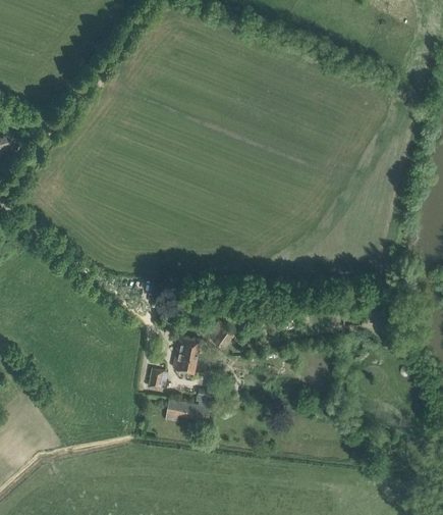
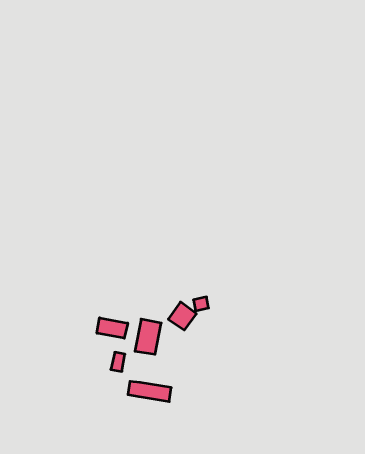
building: none -> [97,318,128,338]

